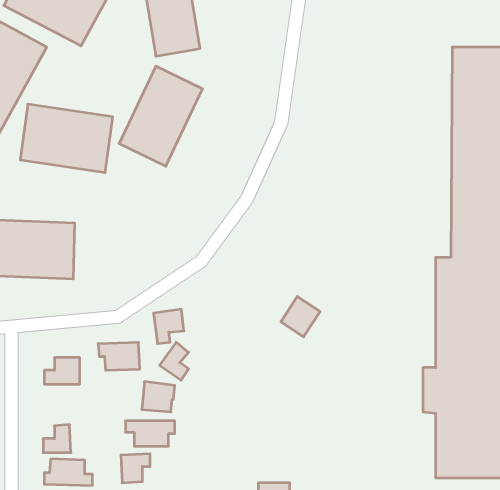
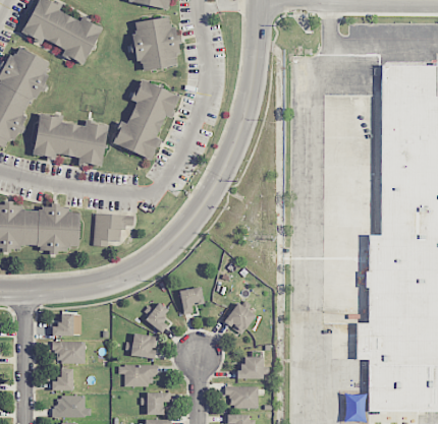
building: none -> [94,213,127,246]
building: [281,296,320,337] -> [224,302,256,335]
building: [154,309,184,344] -> [180,287,205,314]
building: [98,342,140,370] -> [52,341,86,363]
building: none -> [238,357,264,379]
building: none -> [225,386,258,408]
building: [121,454,150,483] -> [147,391,170,415]

